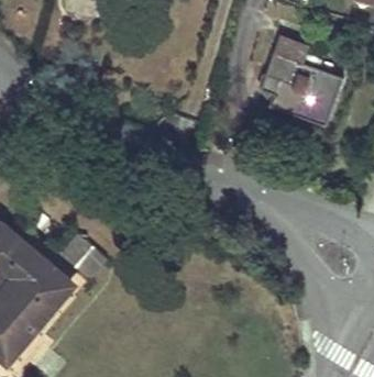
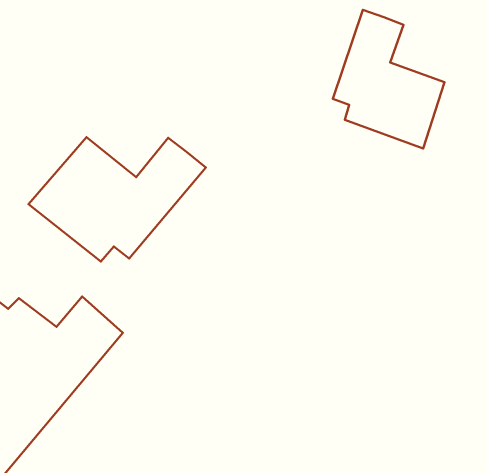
building: none -> [29,137,206,261]

